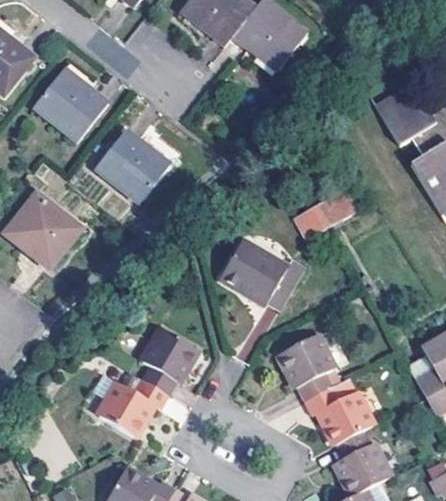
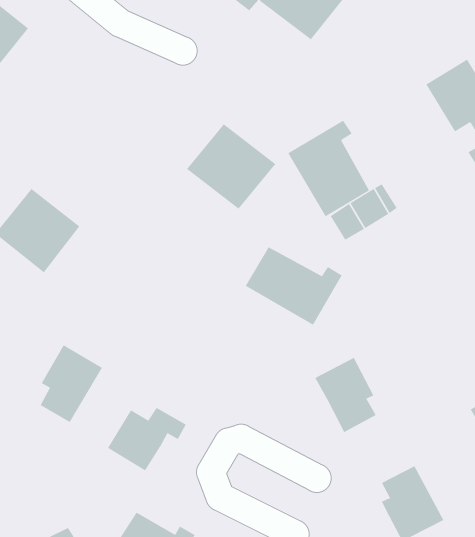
building: [31,68,106,140] -> none
building: [94,130,171,204] -> [186,123,276,210]
building: none -> [288,120,370,217]
building: [143,330,197,397] -> [40,345,103,423]
building: [304,389,371,447] -> none

